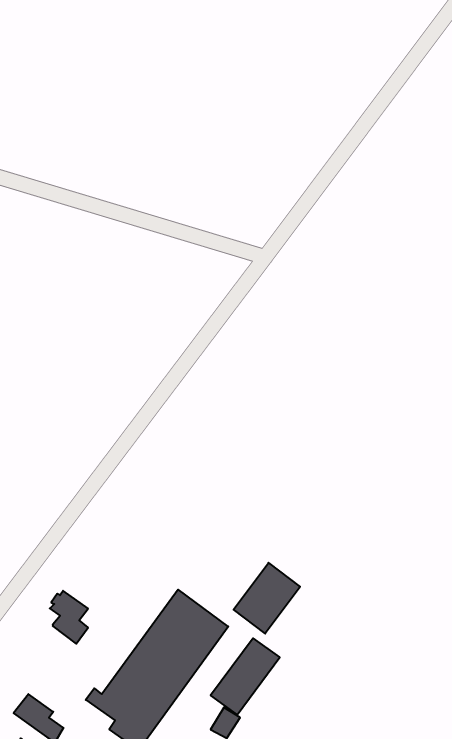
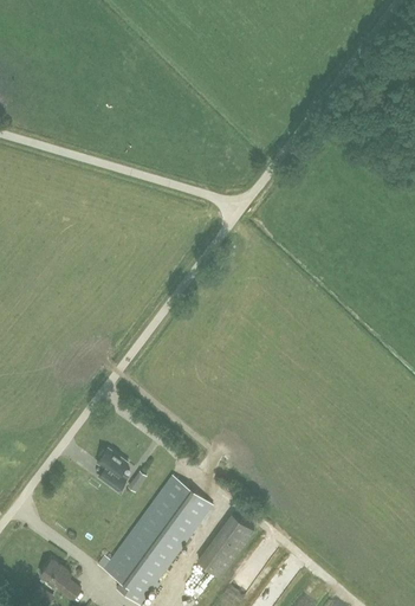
building: [234,563,300,634] -> none
building: [50,591,88,644] -> [97,449,128,491]

